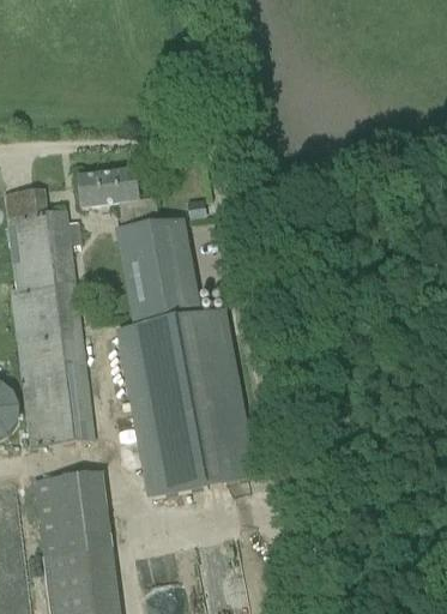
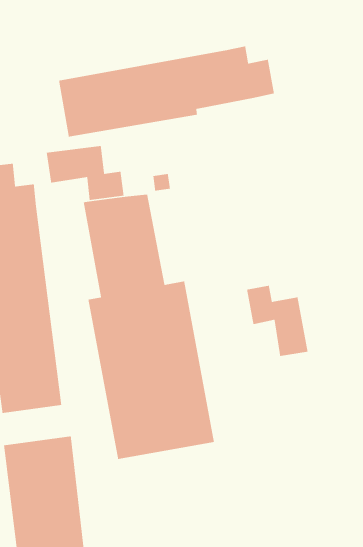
building: none -> [58,45,275,137]
building: none -> [246,285,309,357]

